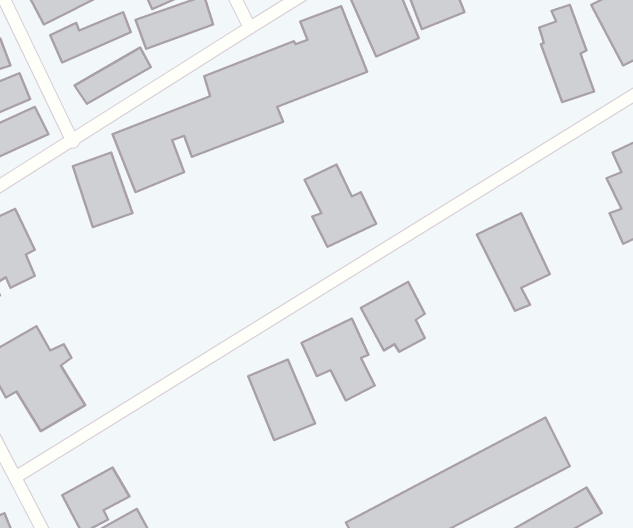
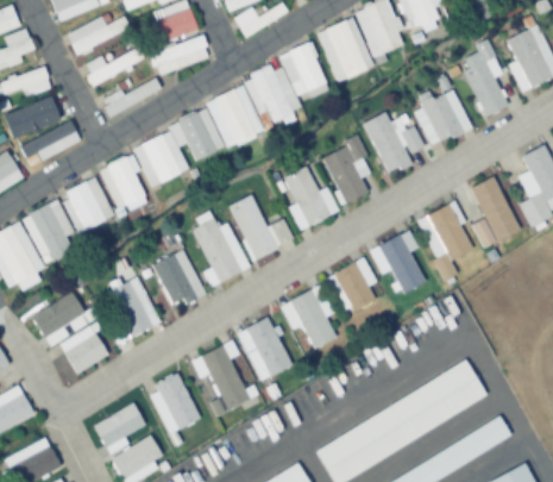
building: none -> [416,89,471,146]
building: none -> [363,112,425,175]
building: none -> [321,138,367,204]
building: none -> [471,176,521,249]
building: none -> [62,177,113,233]
building: none -> [228,194,294,262]
building: none -> [191,211,249,286]
building: none -> [370,231,426,294]
building: none -> [152,250,203,308]
building: none -> [108,277,158,337]
building: none -> [190,344,251,414]
building: none -> [146,374,201,433]

